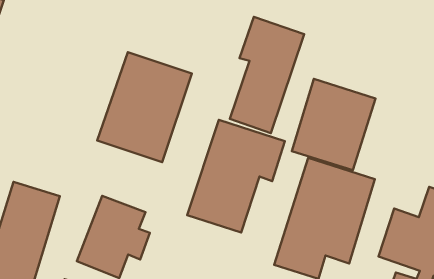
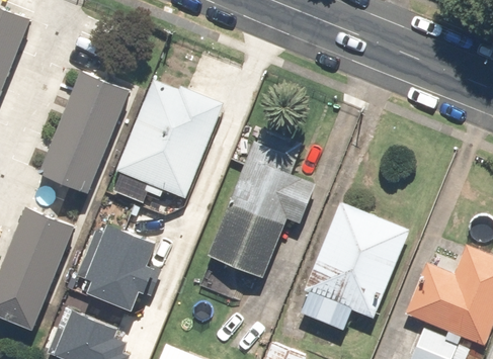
building: [230,17,304,133] -> none
building: none -> [38,73,127,193]
building: [292,79,375,170] -> none

